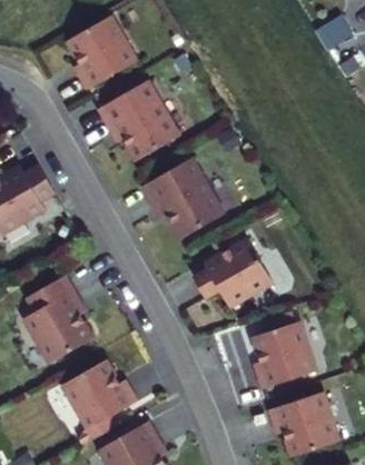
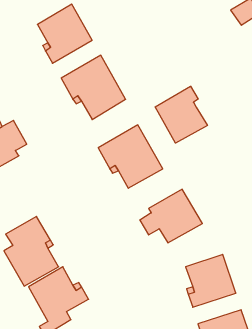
building: none -> [155,86,207,143]

